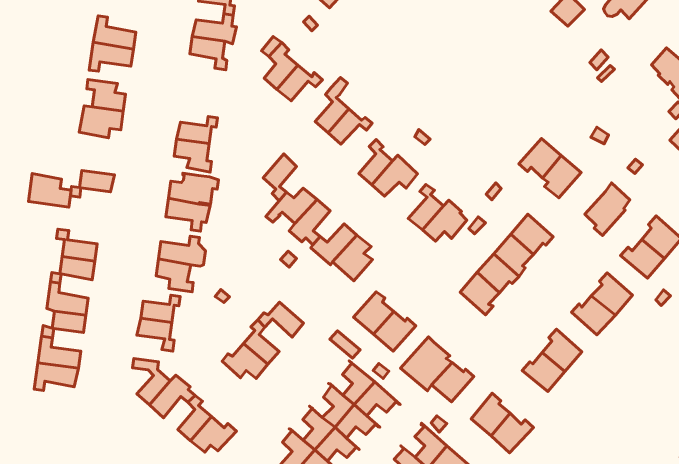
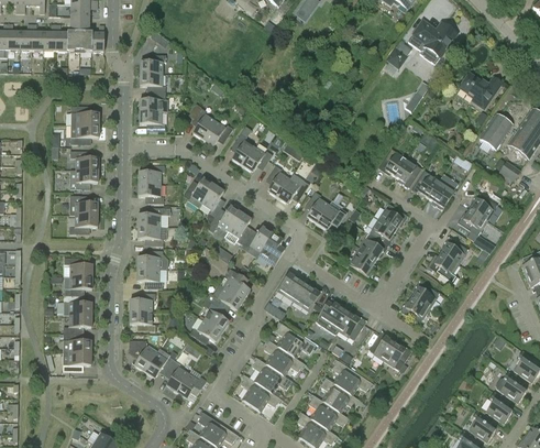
building: none -> [183,177,213,207]
building: [28,174,71,207] -> [69,195,98,215]
building: none -> [410,170,440,197]
building: none -> [219,269,250,299]

